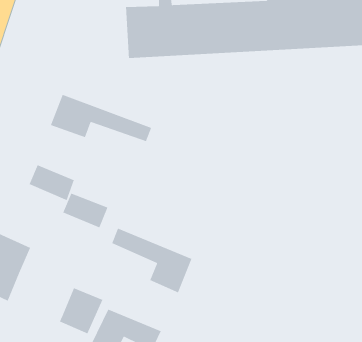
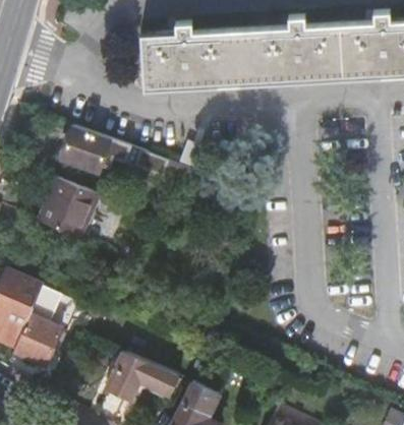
building: [62,193,108,228] -> [48,179,97,217]
building: [111,228,192,293] -> none
building: [59,287,103,334] -> [14,315,61,365]

